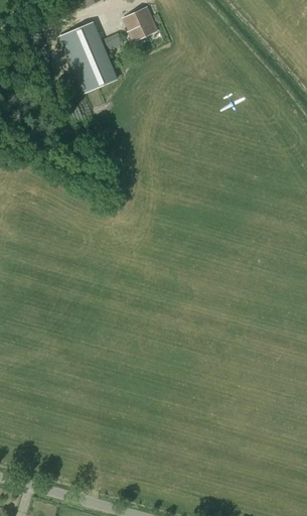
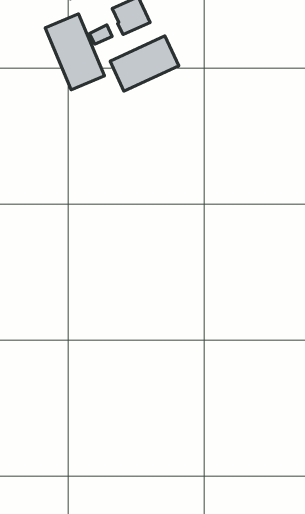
building: none -> [110,36,179,91]

